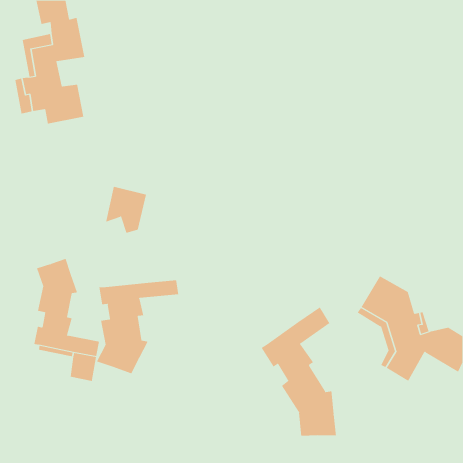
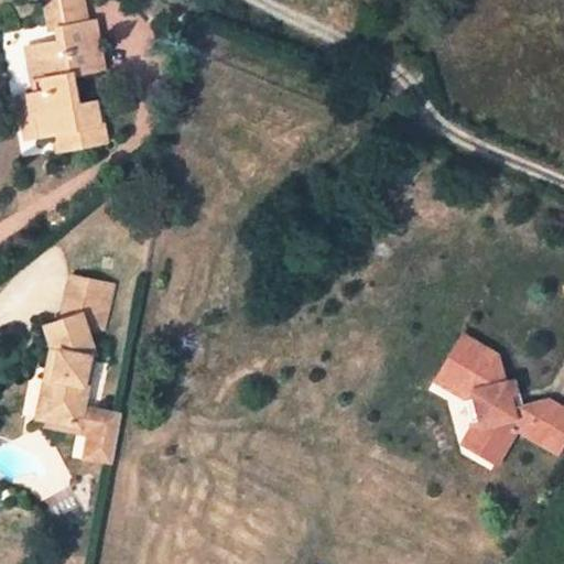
building: [105,186,147,233] -> [62,276,112,334]
building: [96,279,179,374] -> none
building: [261,306,336,437] -> none

